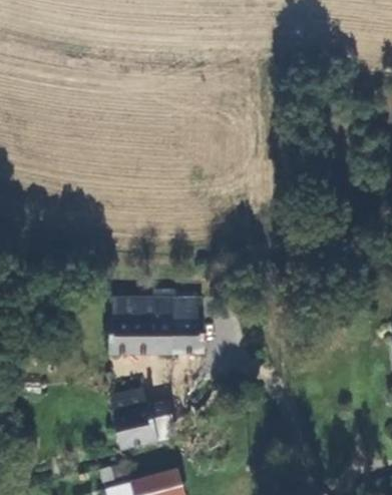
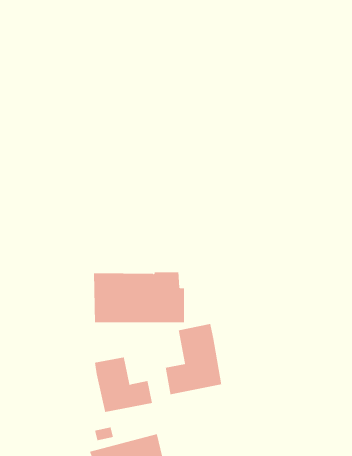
building: none -> [165,323,222,395]

